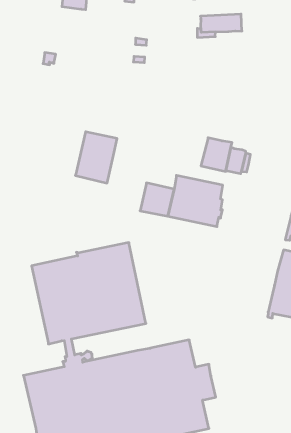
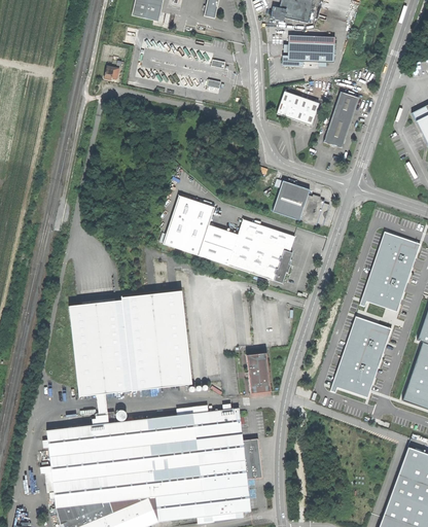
building: none -> [324,92,358,147]
building: none -> [277,91,319,125]
building: [75,132,117,183] -> [163,195,214,255]
building: none -> [247,352,271,393]

